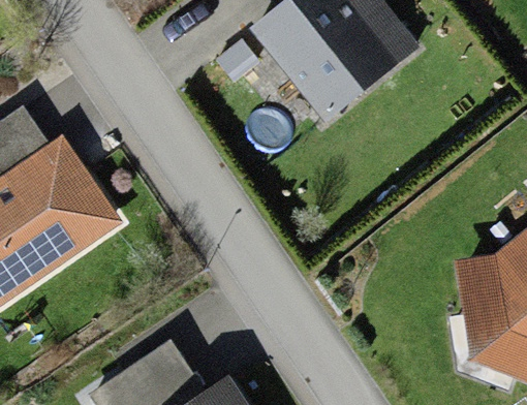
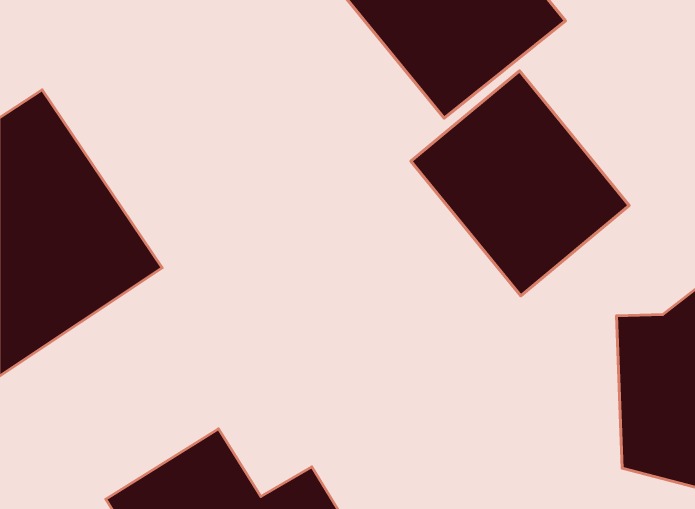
building: none -> [411,71,629,296]

